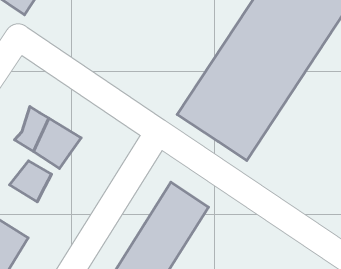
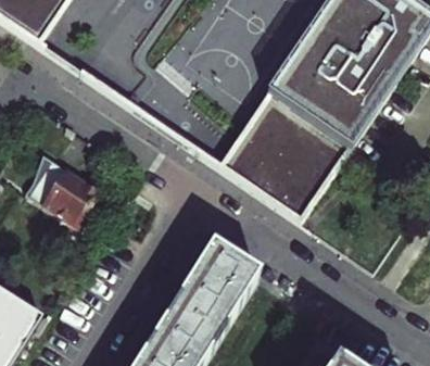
building: [9,161,52,202] -> none

